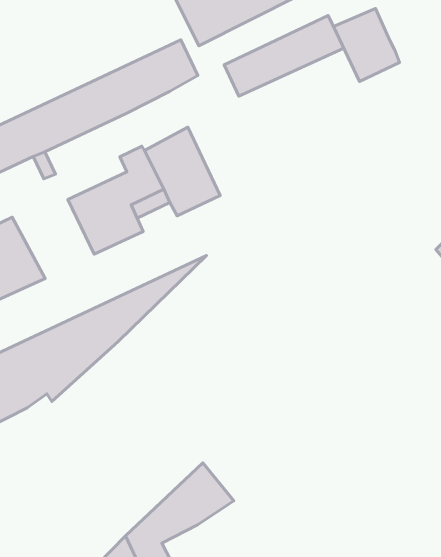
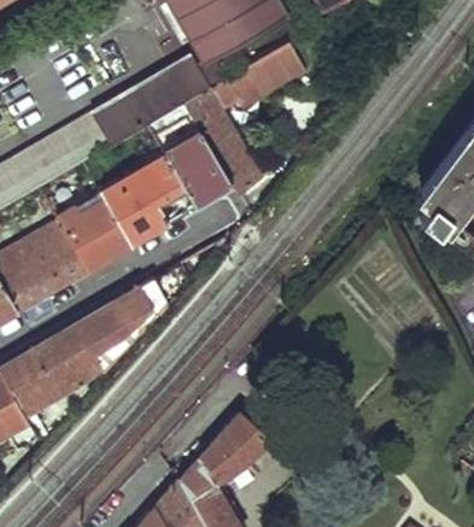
building: [333,9,400,81] -> none
building: none -> [182,84,268,194]
building: none -> [53,193,130,268]

